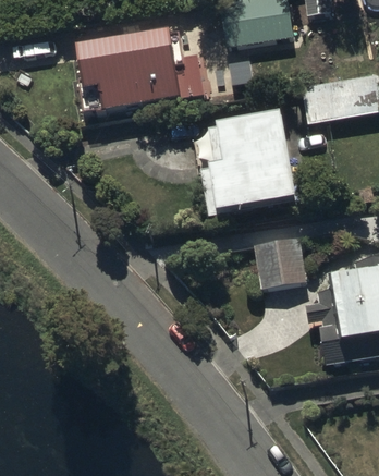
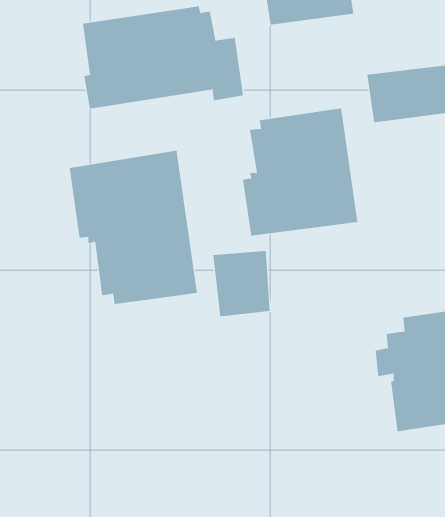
building: none -> [69,150,197,305]
building: [259,233,305,285] -> [213,251,271,317]

